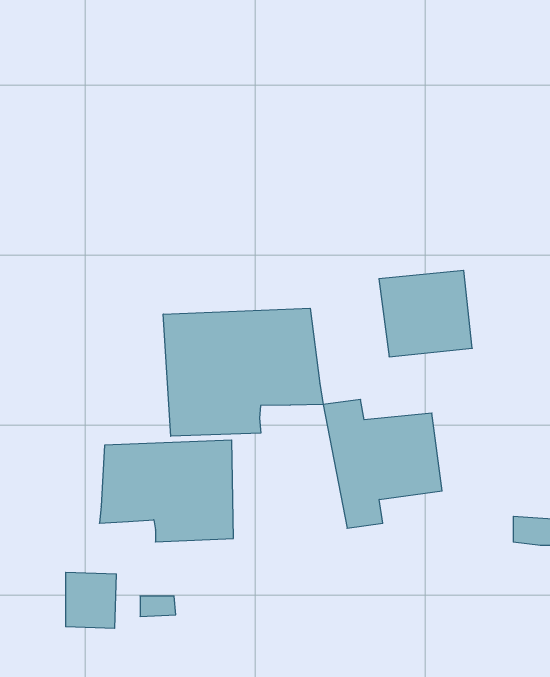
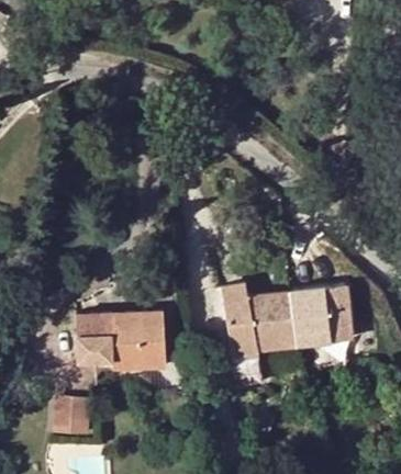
building: [379,270,472,357] -> [292,289,353,345]
building: [163,308,323,436] -> none

